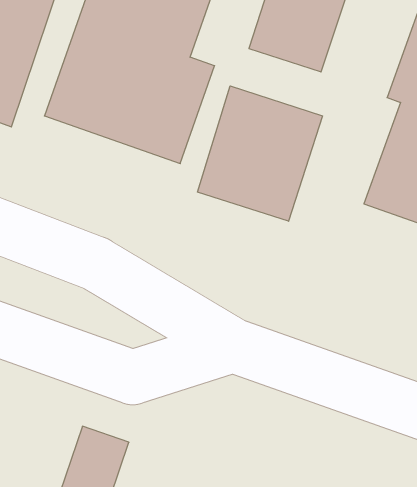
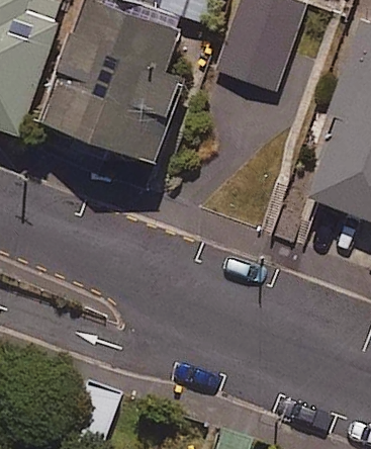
building: [198,86,323,221] -> none

